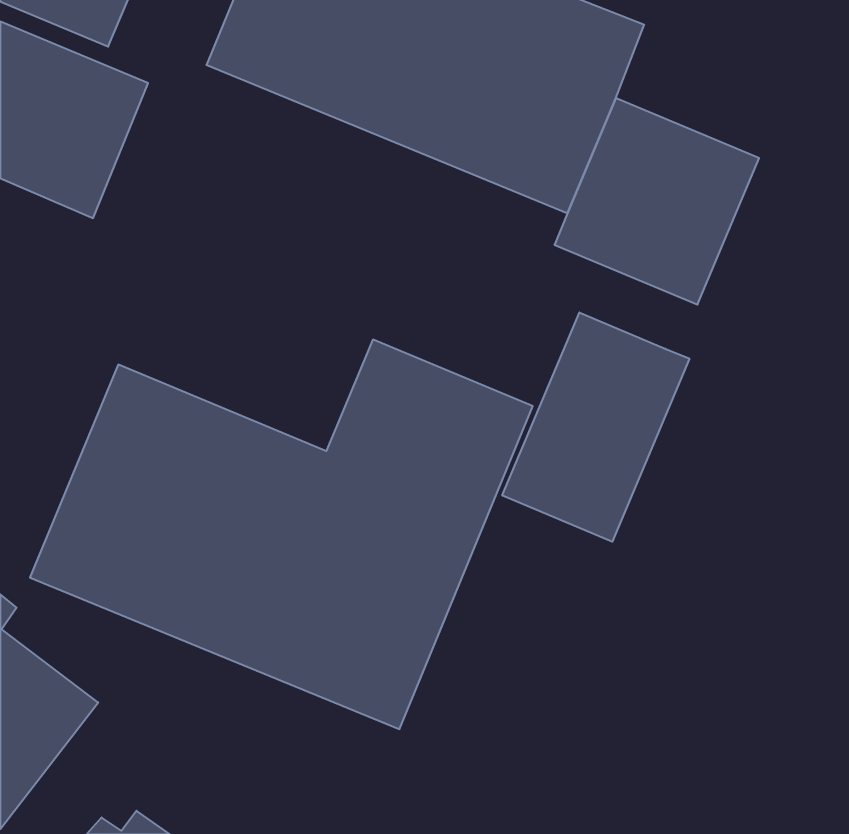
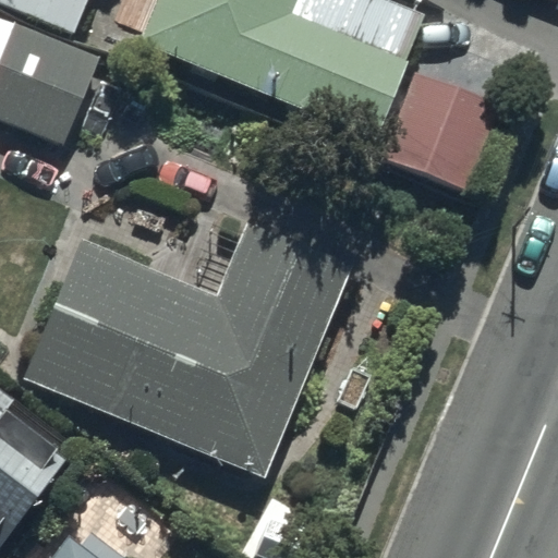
building: [502,312,689,542] -> none

